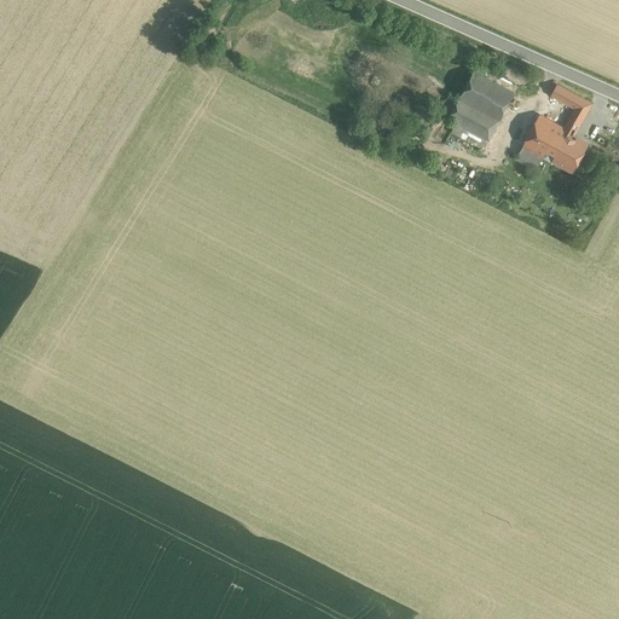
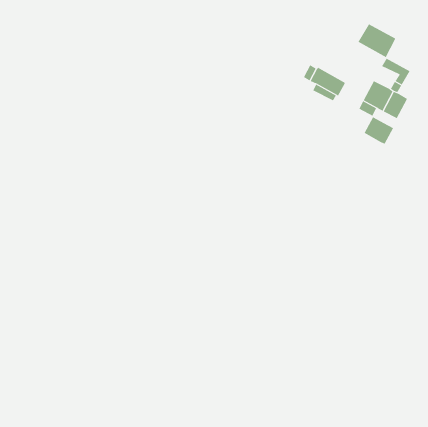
building: [458,70,514,120] -> [358,23,396,58]
building: none -> [364,116,394,144]

